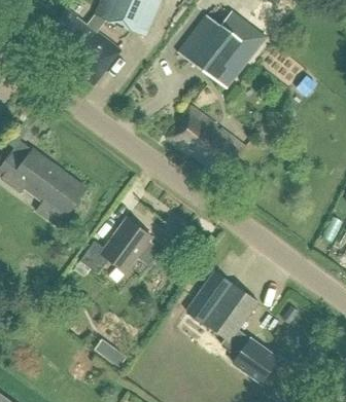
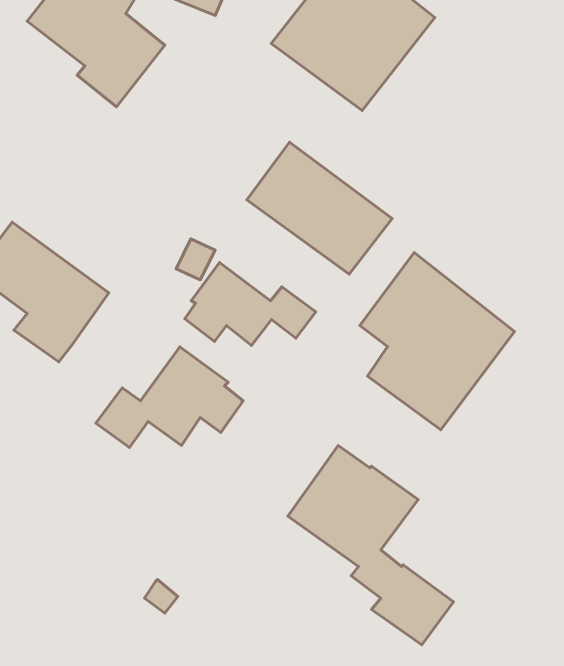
building: none -> [360,253,514,430]
building: none -> [185,263,316,346]

